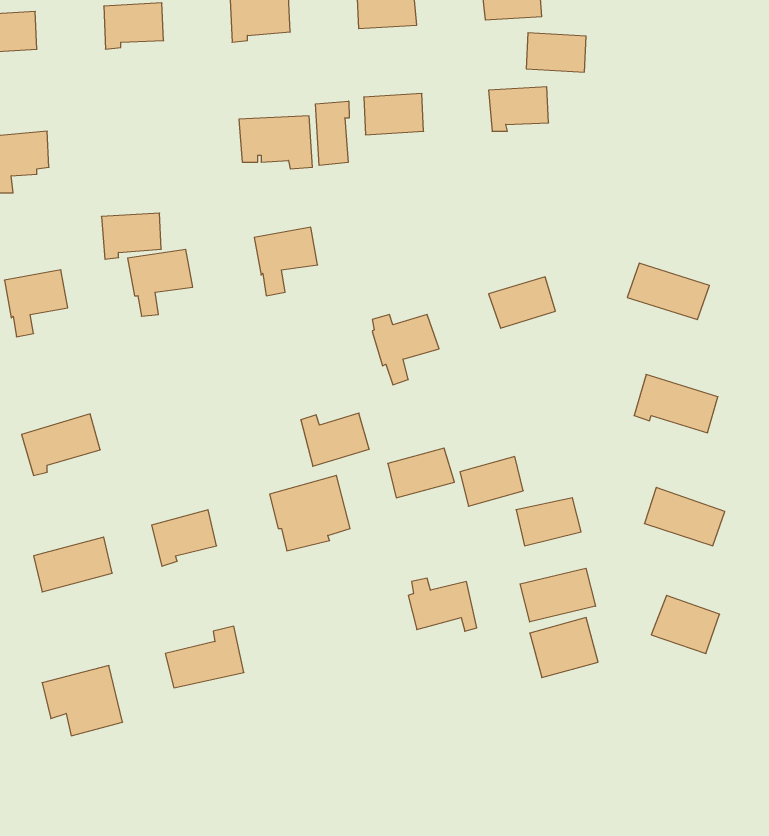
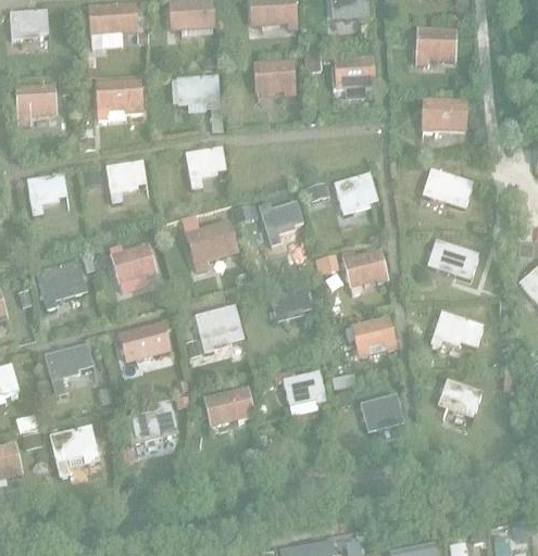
building: [526,33,586,72] -> [417,30,455,55]
building: [316,101,349,165] -> none
building: none -> [423,101,462,126]
building: [101,213,161,259] -> [97,83,135,112]
building: none -> [113,247,154,279]
building: [301,413,369,466] -> [186,225,229,258]
building: [460,457,523,506] -> [345,252,385,283]
building: [520,568,596,622] -> none
building: none -> [205,391,248,422]

